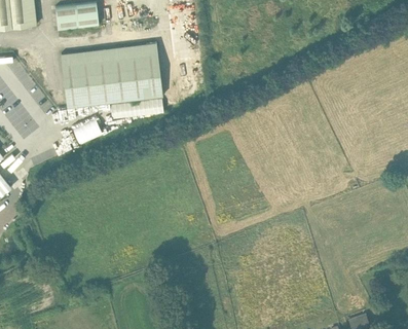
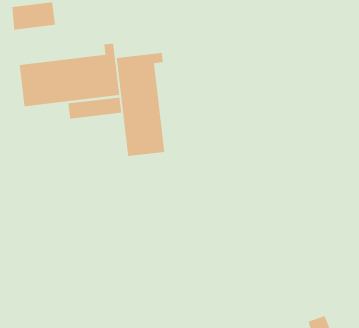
building: none -> [116,52,165,157]

